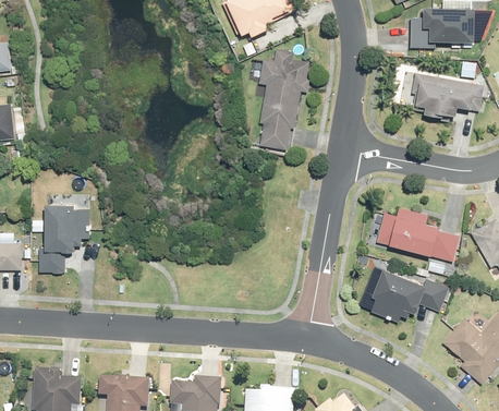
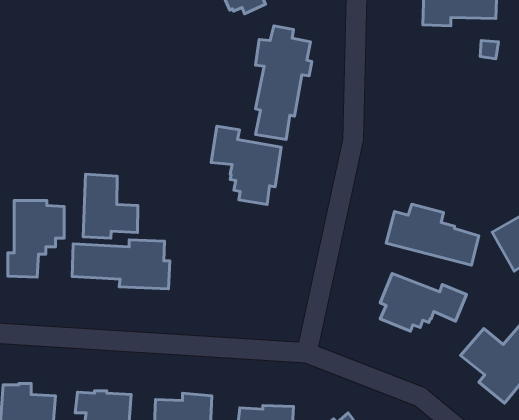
building: [412,72,484,118] -> none
building: none -> [211,126,281,204]
building: none -> [83,174,138,238]
building: none -> [72,240,170,289]

